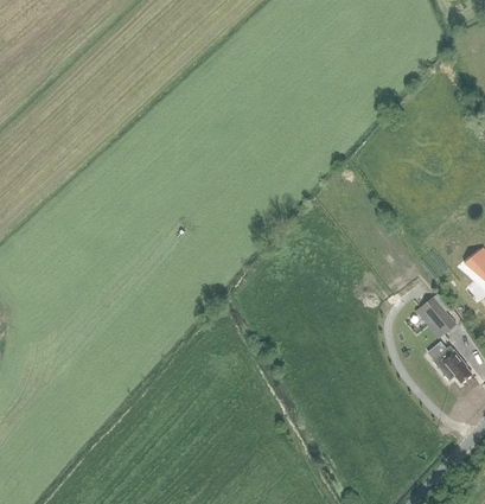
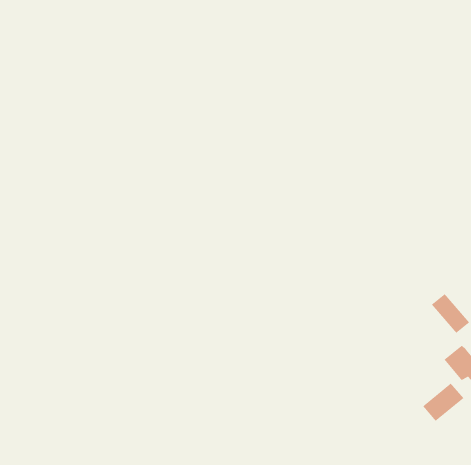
building: none -> [422,383,465,422]

